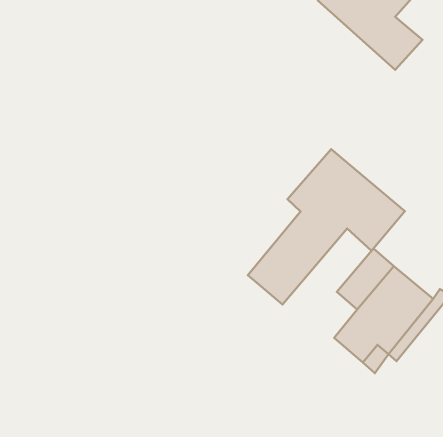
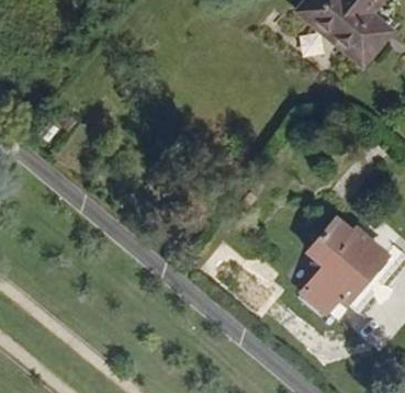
building: [248,149,405,305] -> none

